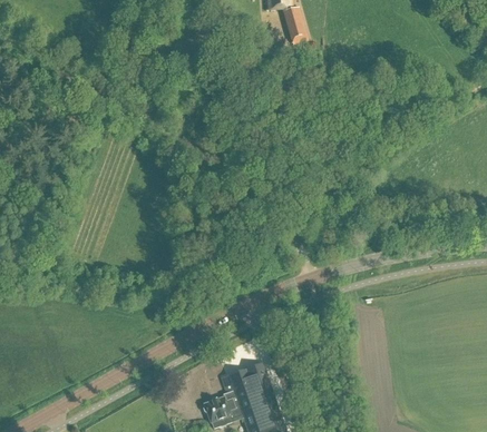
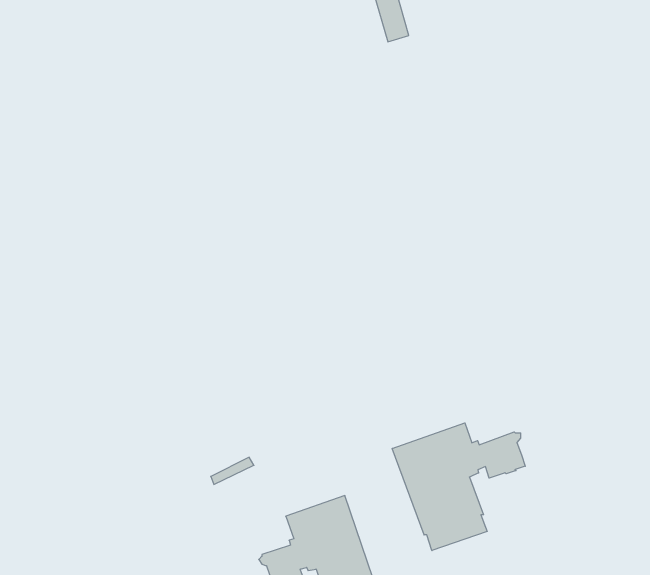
building: none -> [392,423,525,551]

